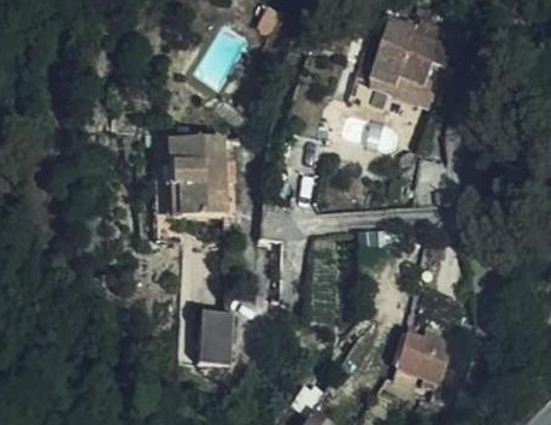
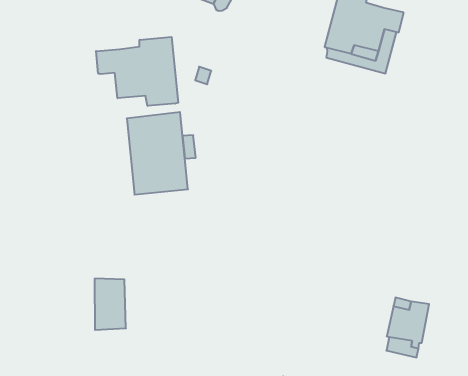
building: none -> [96,37,178,106]
building: [197,308,229,360] -> [95,279,126,330]

